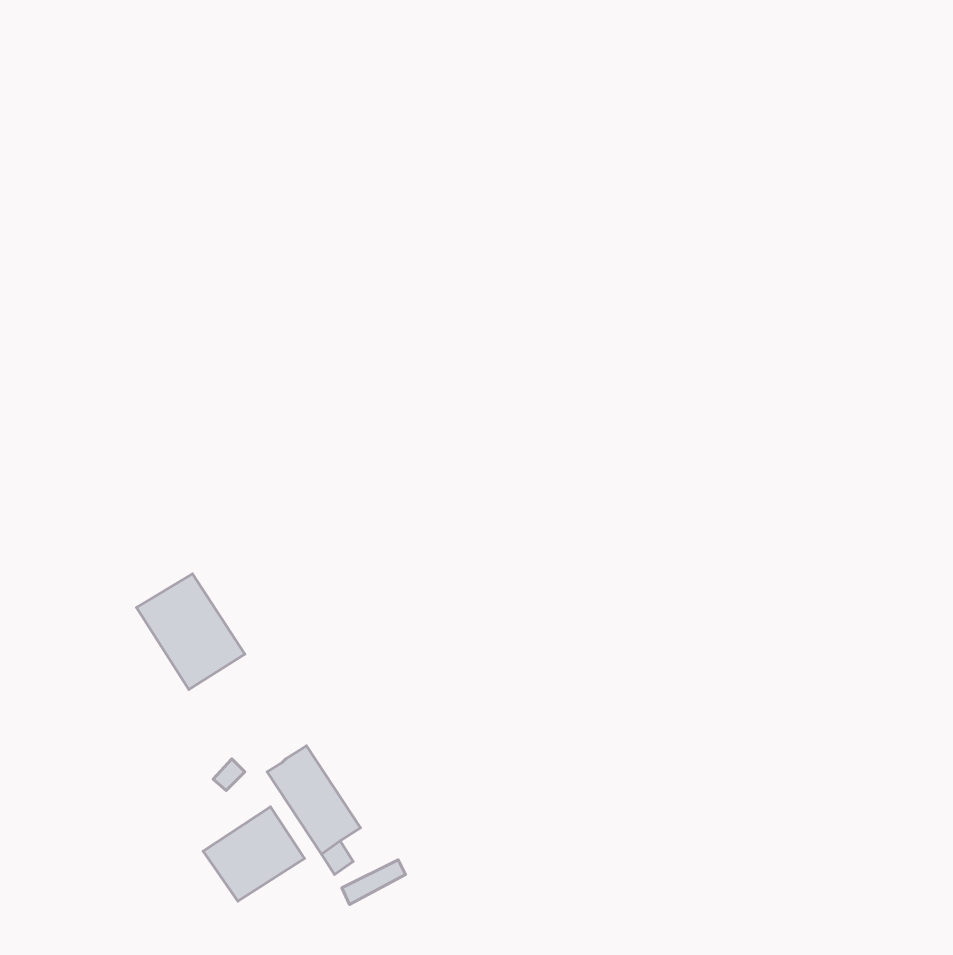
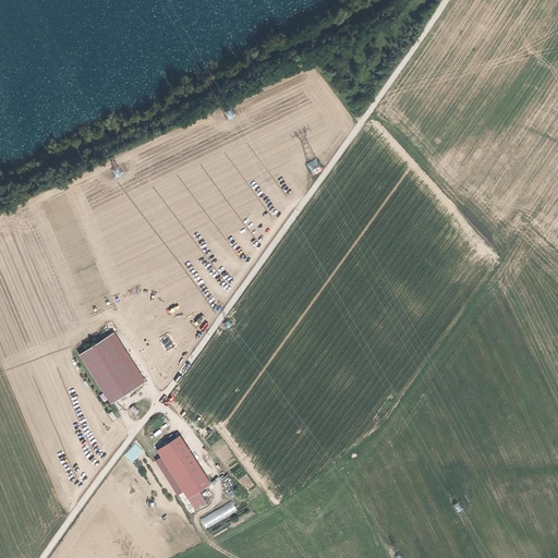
building: [203,807,305,901] -> none

